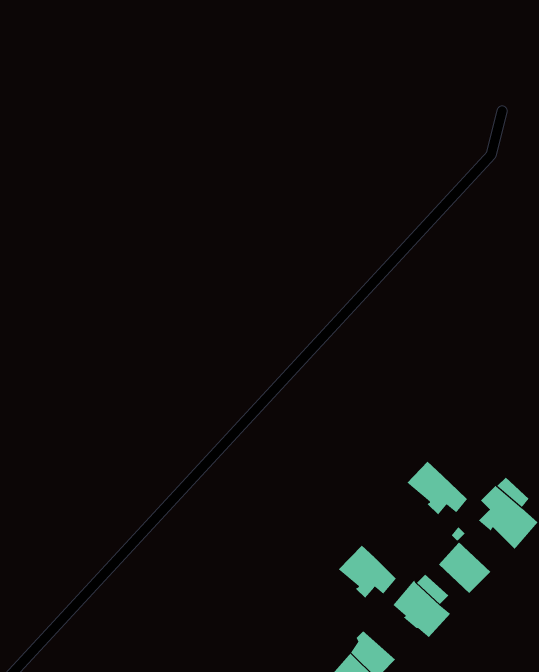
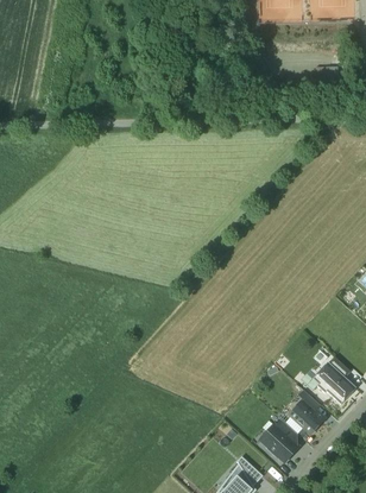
building: [406,461,469,515] -> none
building: [338,545,398,599] -> none

